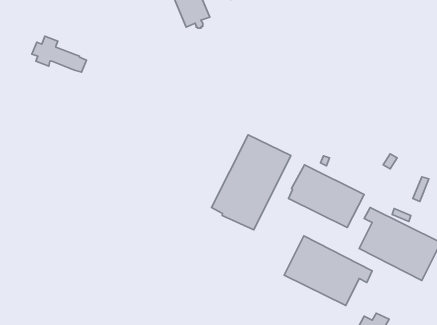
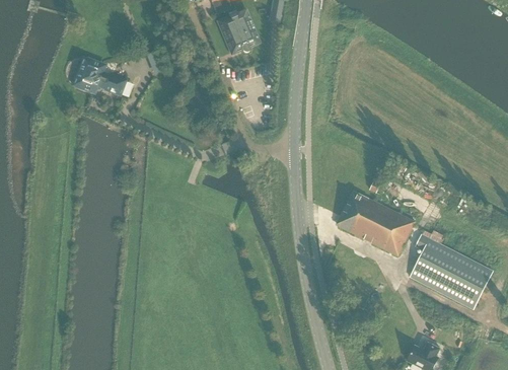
building: [211,135,291,230] -> none
building: [284,236,372,305] -> none

